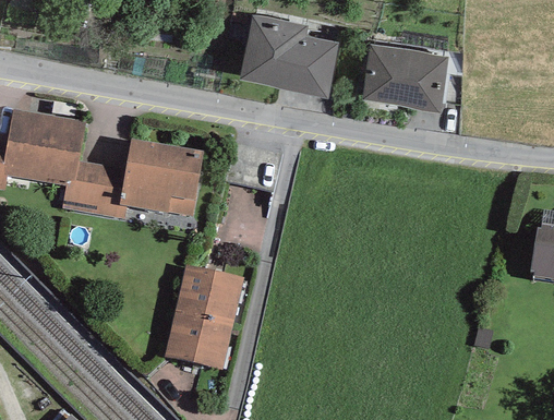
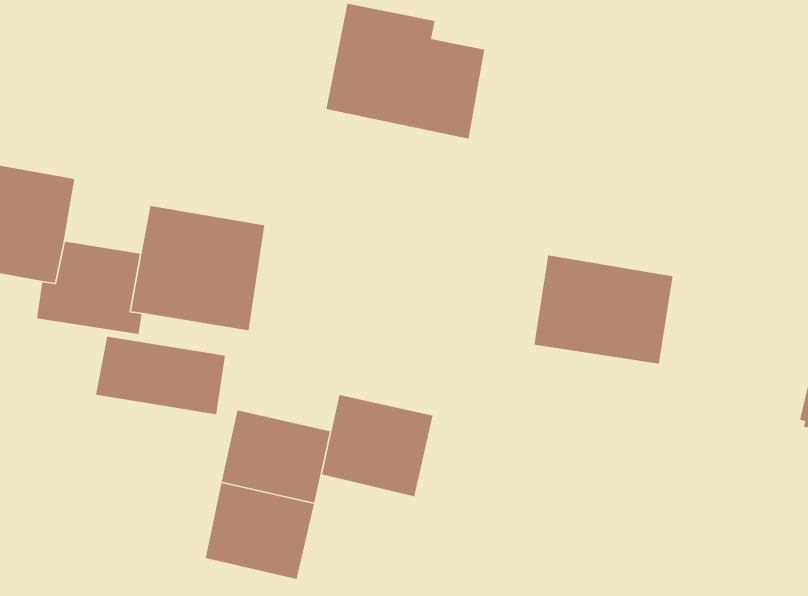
building: [362,44,448,111] -> [533,255,674,365]
building: none -> [95,336,226,415]
building: none -> [321,394,434,497]

